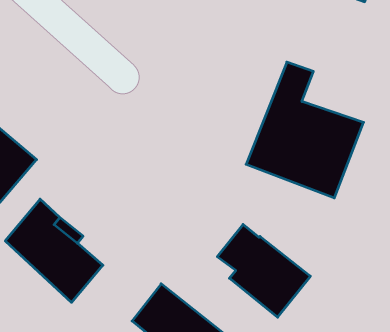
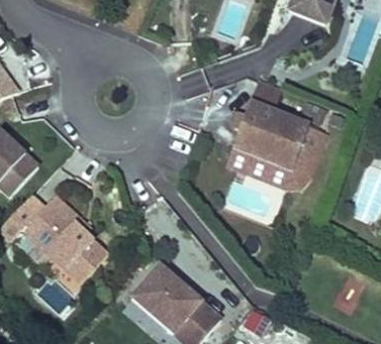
building: [217,224,310,317] -> none

